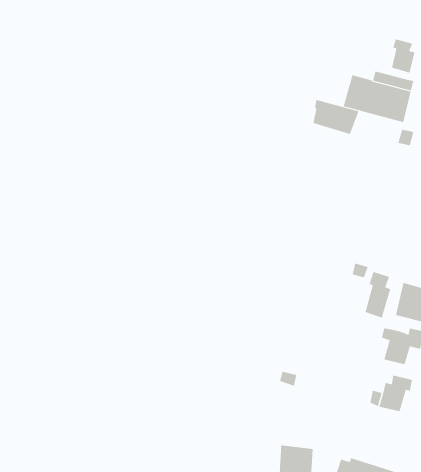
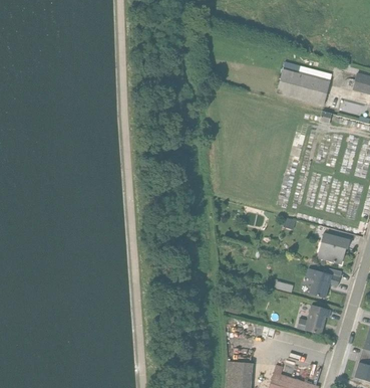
building: [391,38,415,74] -> none
building: [313,99,359,135] -> none
building: [365,271,391,319] -> none

